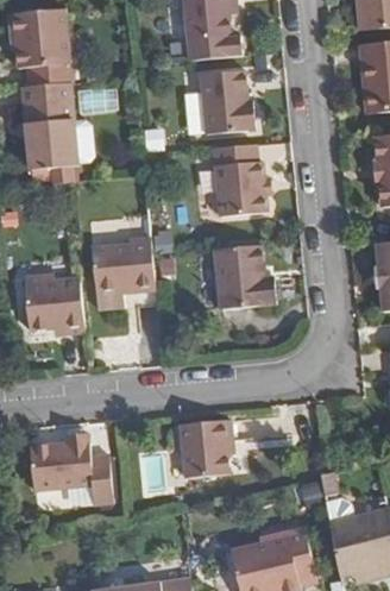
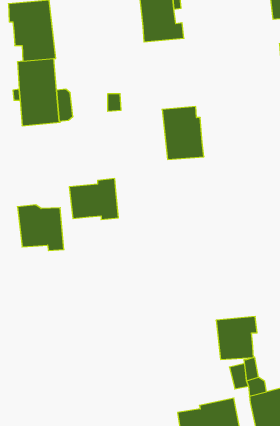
building: [199,70,256,132] -> none
building: [213,245,275,309] -> none
building: [181,420,234,476] -> [216,317,257,359]
building: [25,435,113,507] -> none

